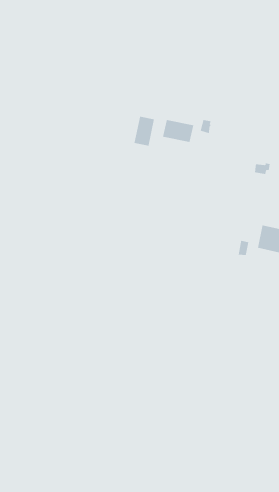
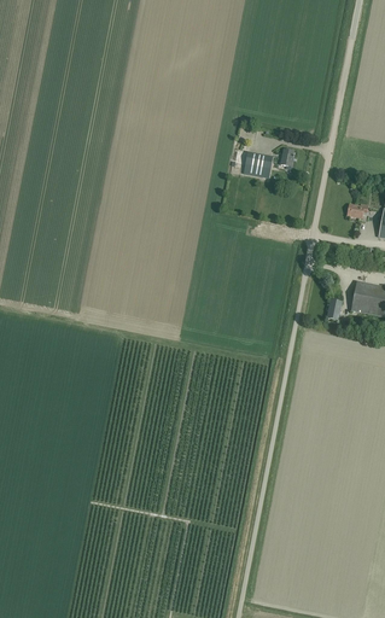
building: [134,116,154,146] -> none

